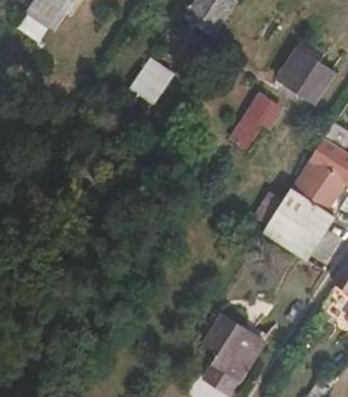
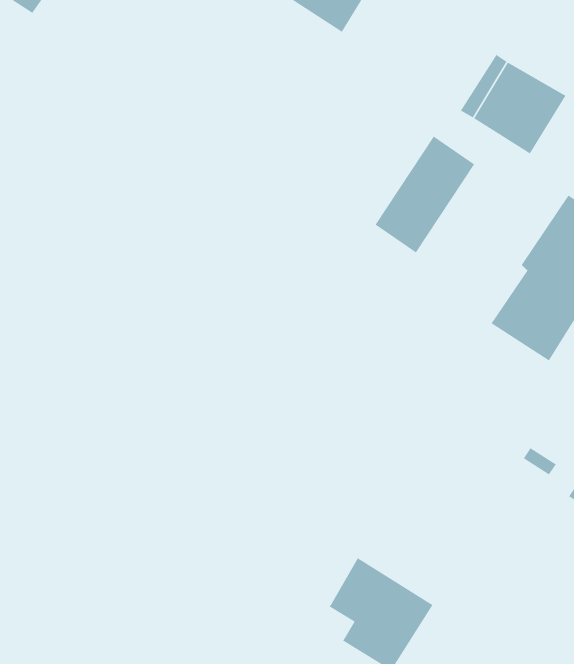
building: [124,60,171,115] -> none
building: [261,189,332,260] -> none

